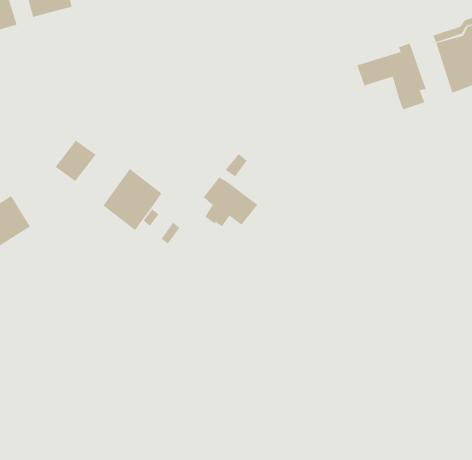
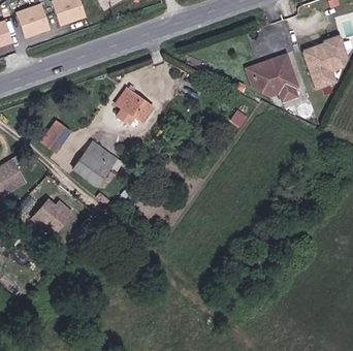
building: none -> [246,58,279,96]
building: [203,176,258,227] -> [115,89,153,124]
building: none -> [33,200,70,233]

